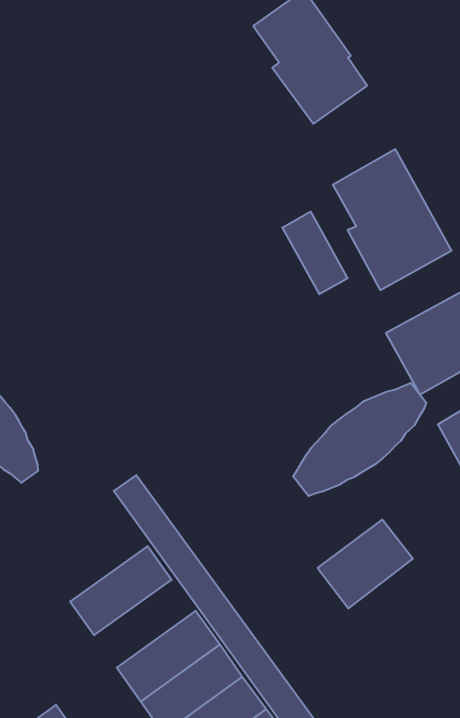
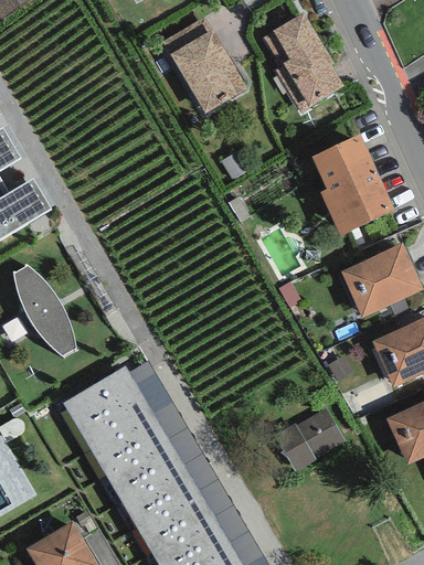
building: none -> [169,29,247,113]
building: [282,212,348,294] -> none
building: [293,383,426,496] -> none
building: none -> [63,366,150,447]
building: none -> [105,438,181,499]

